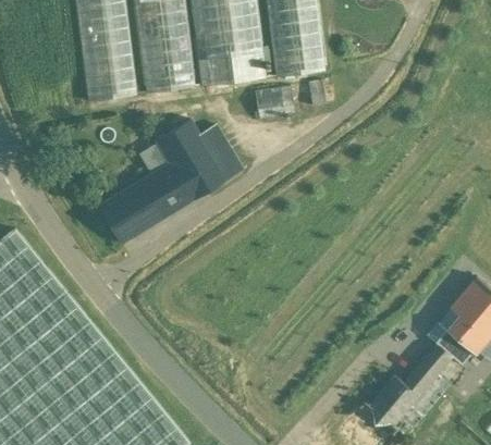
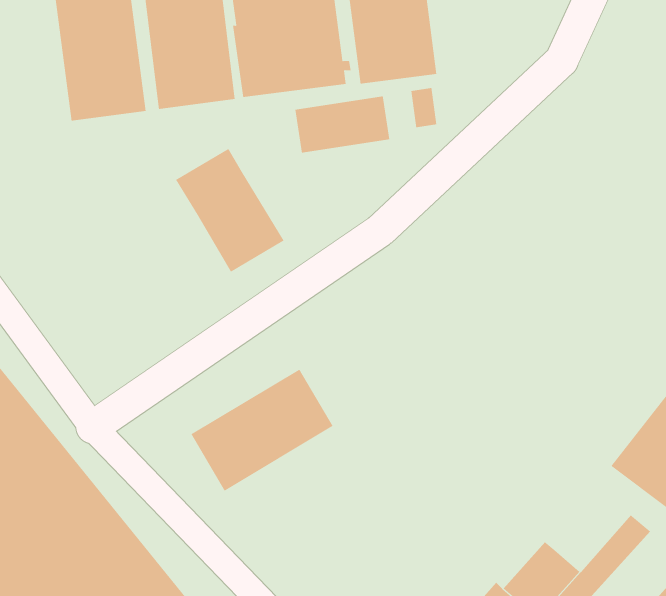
building: [199,124,242,178] -> none
building: [99,162,192,242] -> [191,369,333,491]
building: [402,342,451,393] -> none

